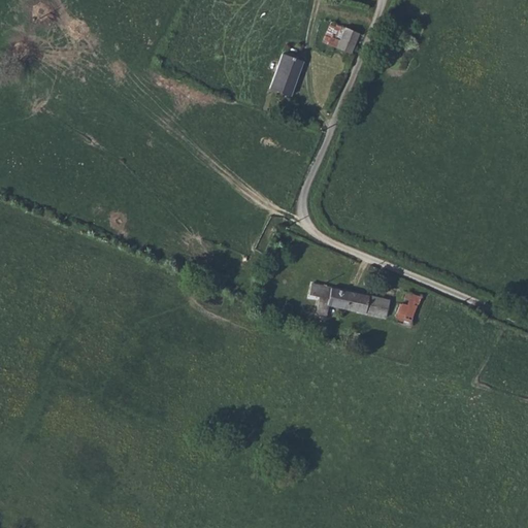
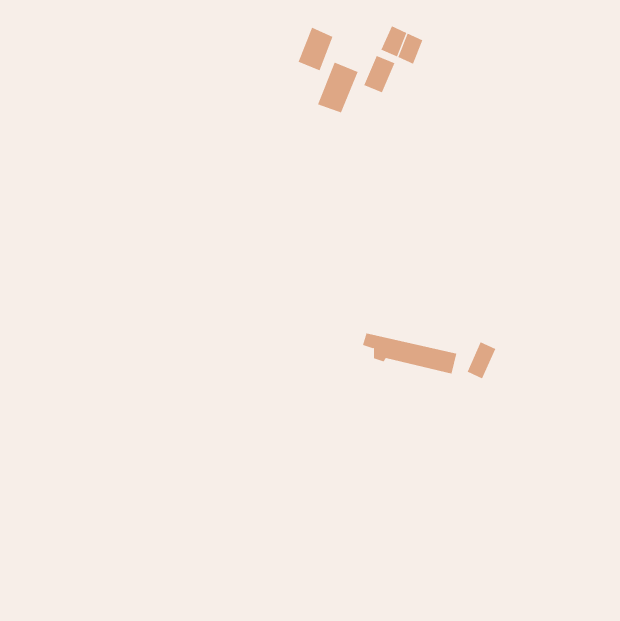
building: none -> [298,27,333,71]
building: none -> [363,55,395,93]

